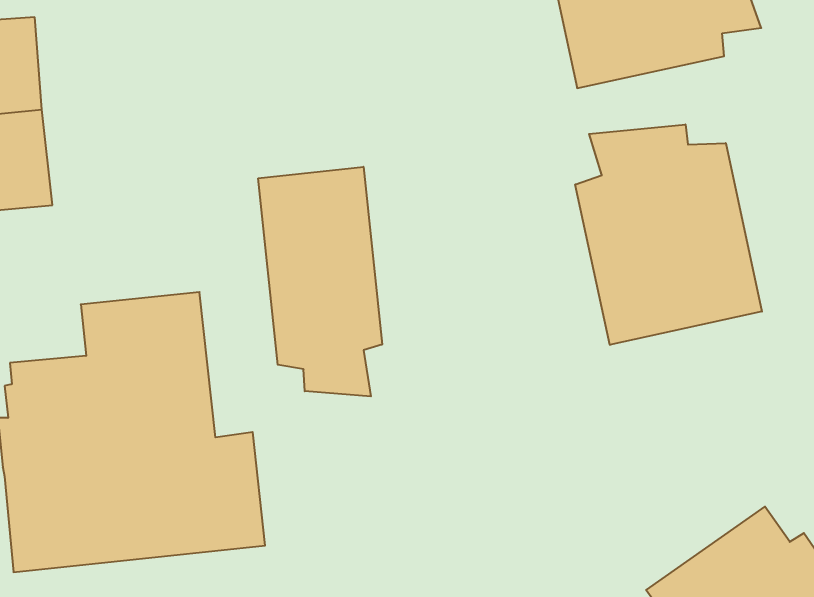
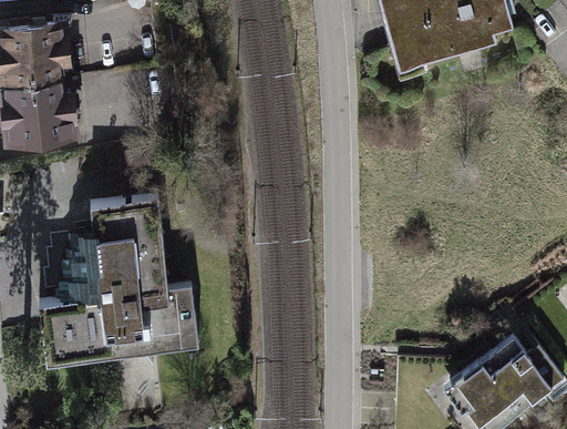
building: [575,124,762,345] -> none
building: [258,167,382,396] -> none

